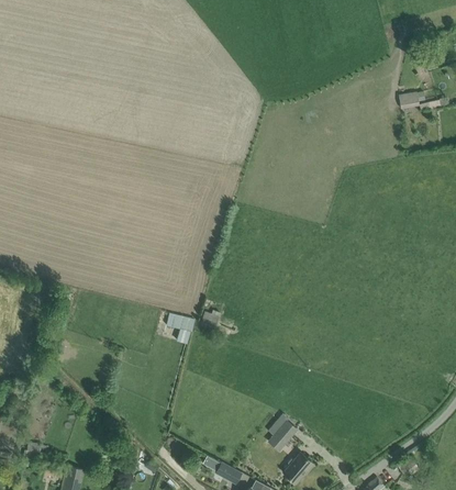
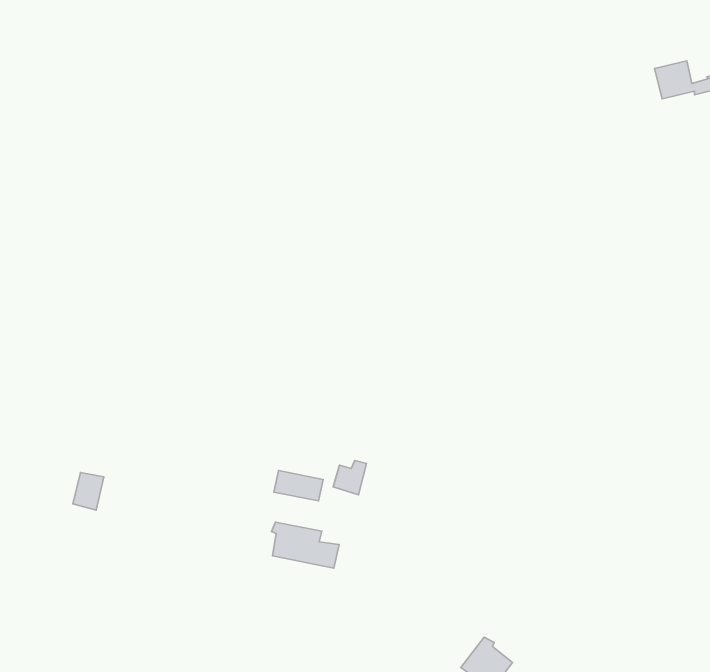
building: none -> [271,522,339,568]

